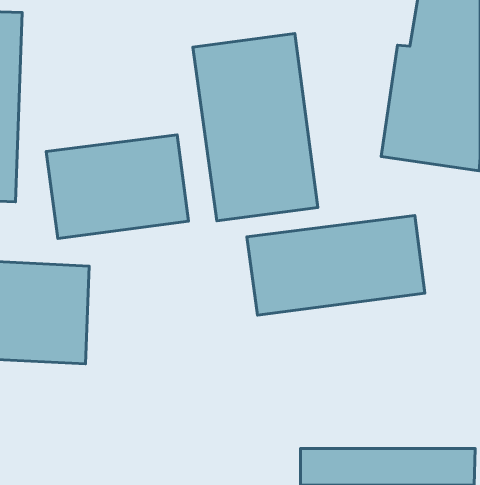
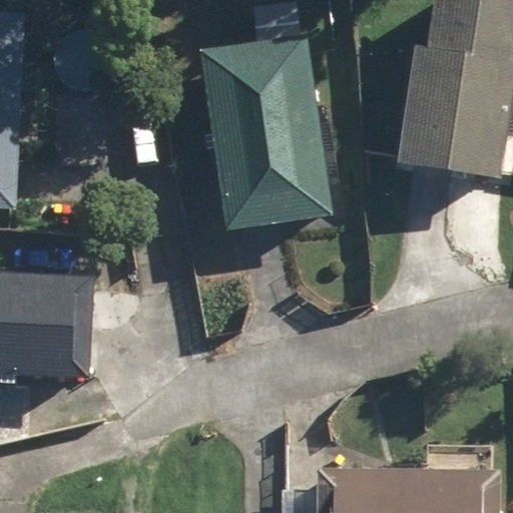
building: [46,135,188,238] -> none
building: [247,215,425,315] -> none

